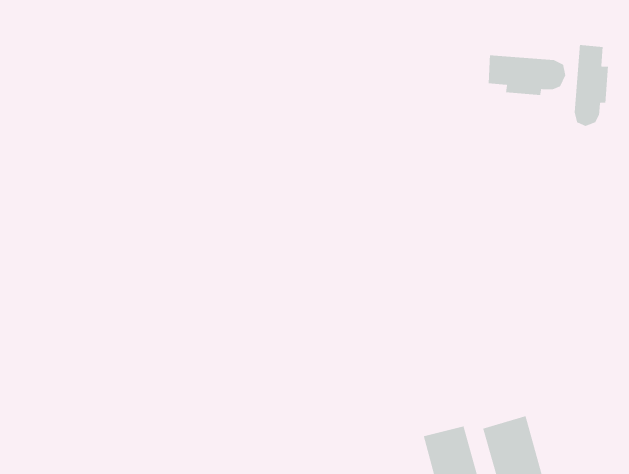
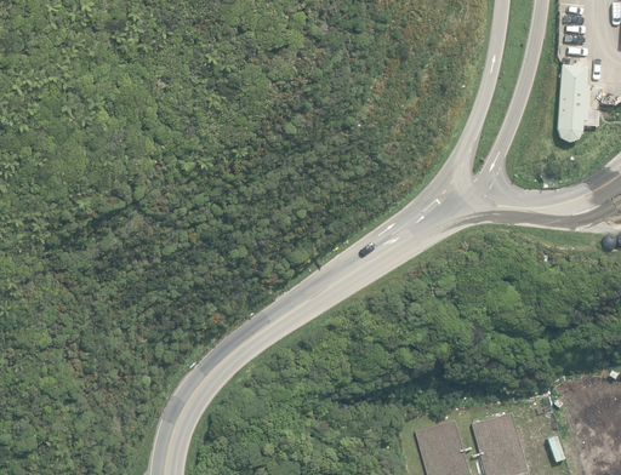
building: [488,55,566,96] -> none

